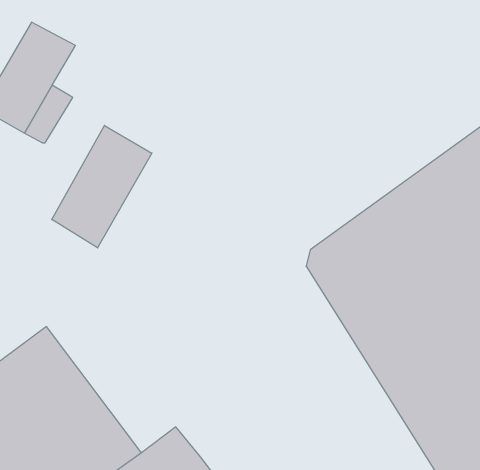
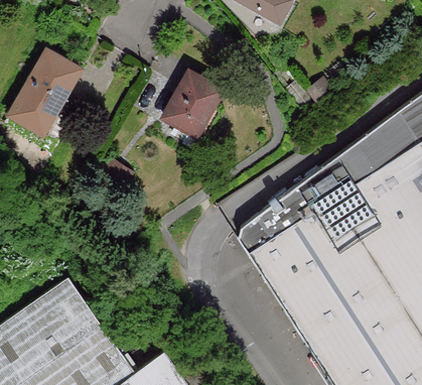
building: none -> [167,70,226,133]
building: [52,125,152,248] -> none

